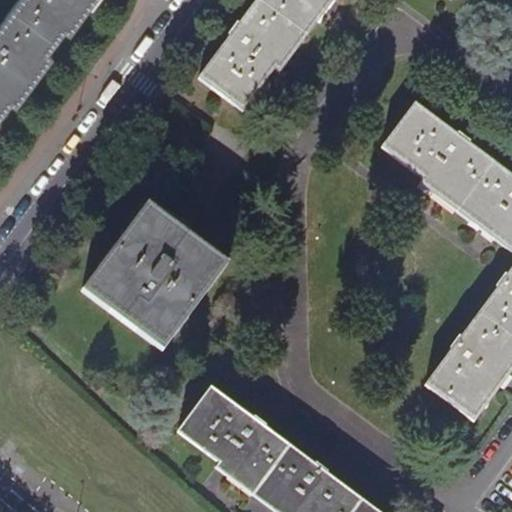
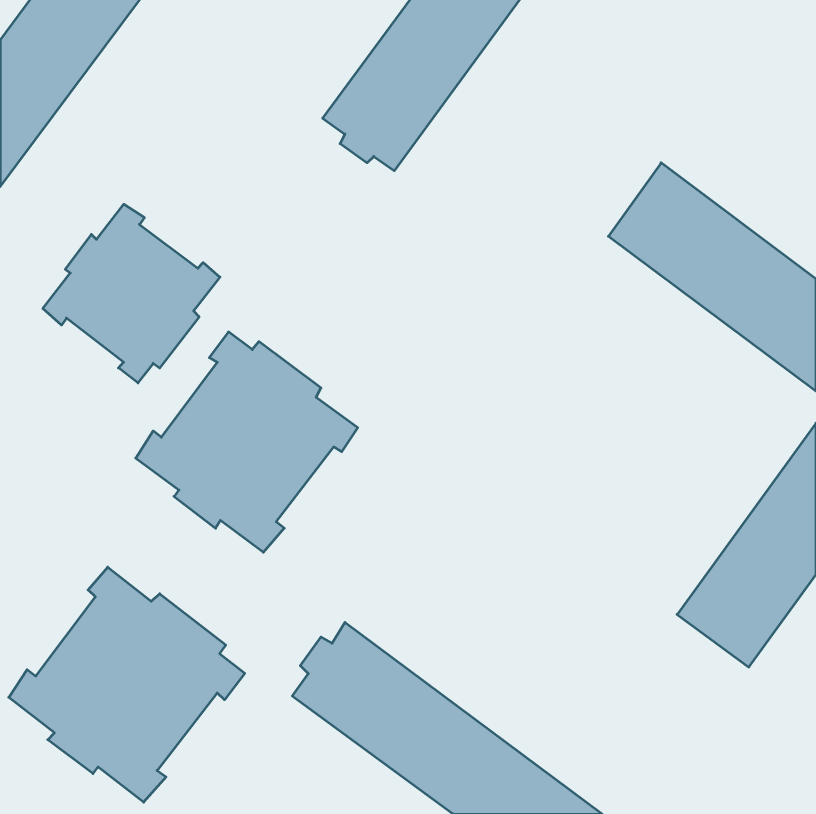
building: none -> [43,204,220,383]
building: none -> [9,567,245,802]

